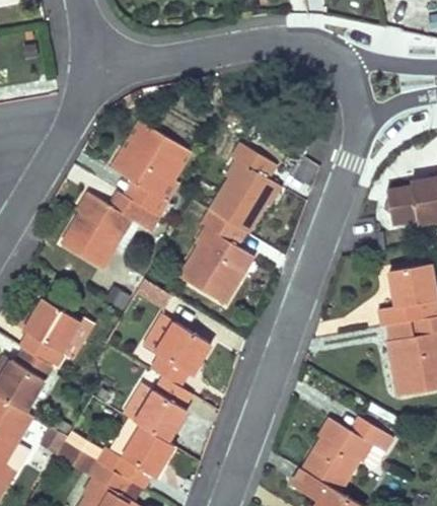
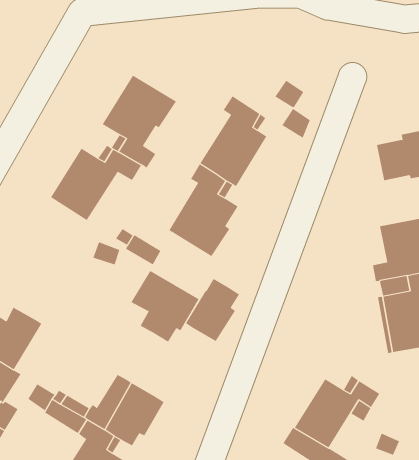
building: [23,300,82,364] -> none
building: [137,376,191,439] -> [185,278,240,342]

